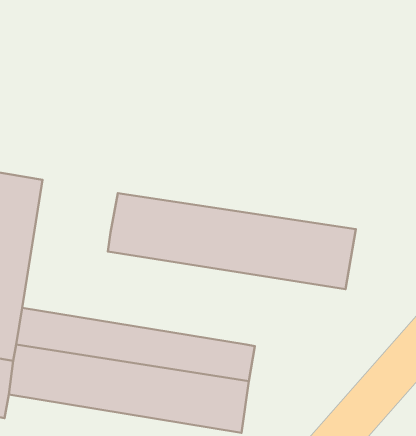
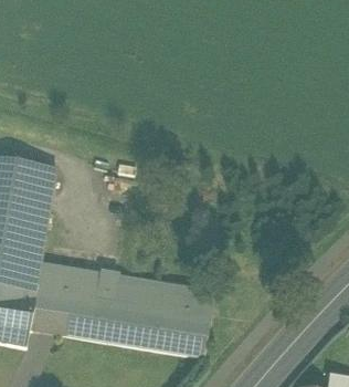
building: [108,193,356,289] -> none

